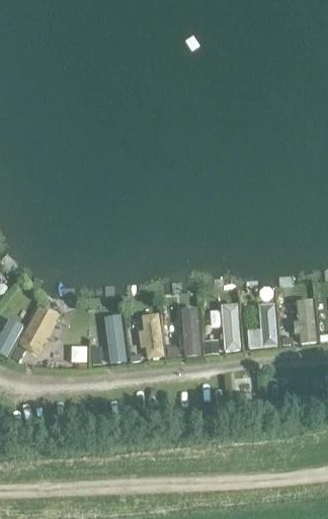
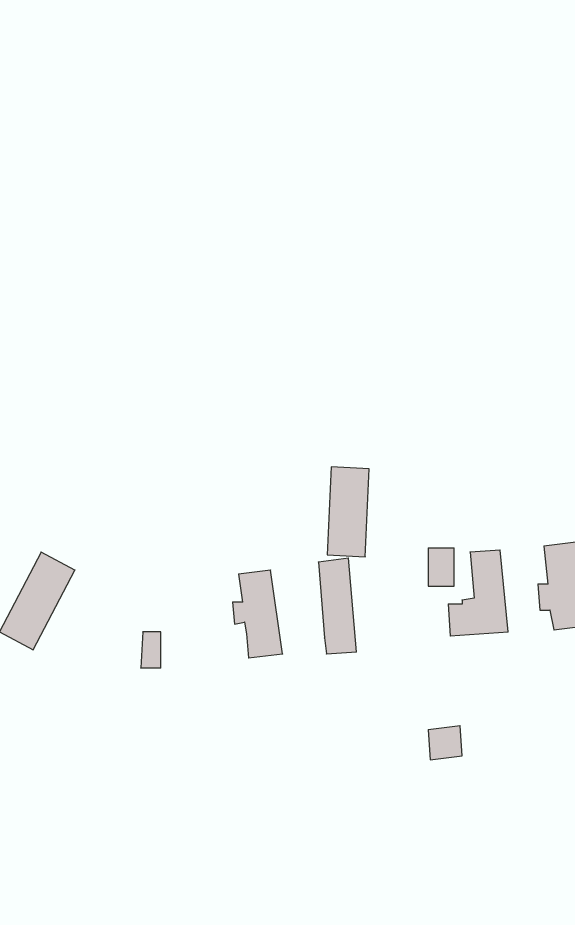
building: [215,301,236,347] -> [327,467,369,557]
building: [105,318,127,363] -> none

